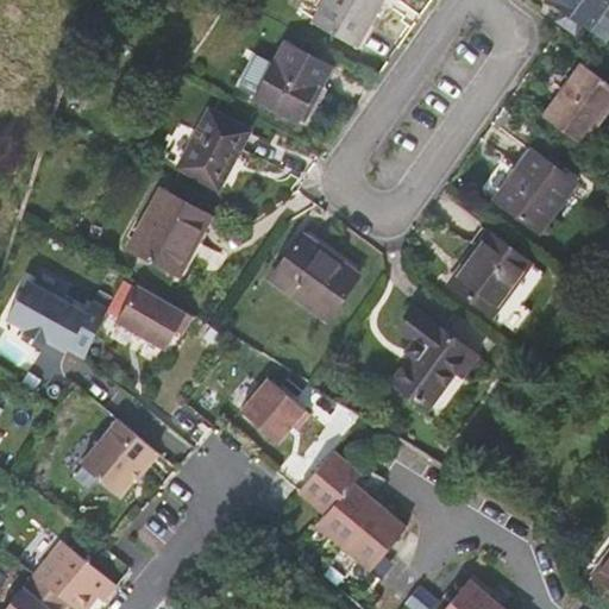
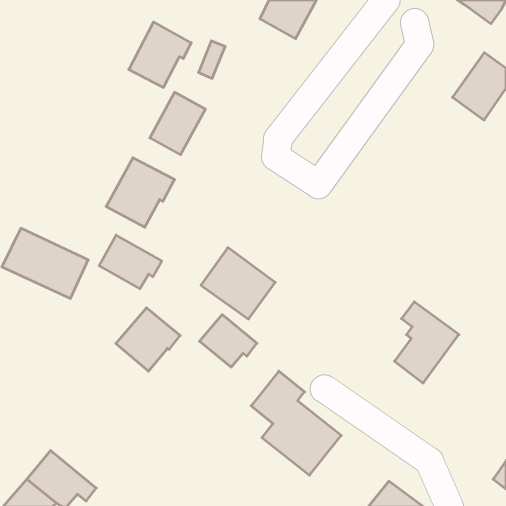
building: [255,43,329,121] -> [129,22,191,87]
building: [495,151,575,232] -> none
building: [448,232,530,316] -> none
building: [269,234,358,320] -> [201,248,275,319]
building: [391,312,469,409] -> [394,302,459,383]
building: [79,420,156,496] -> [116,308,180,371]

